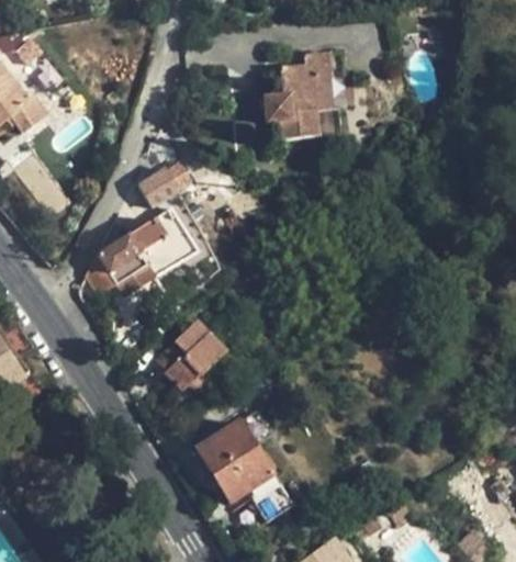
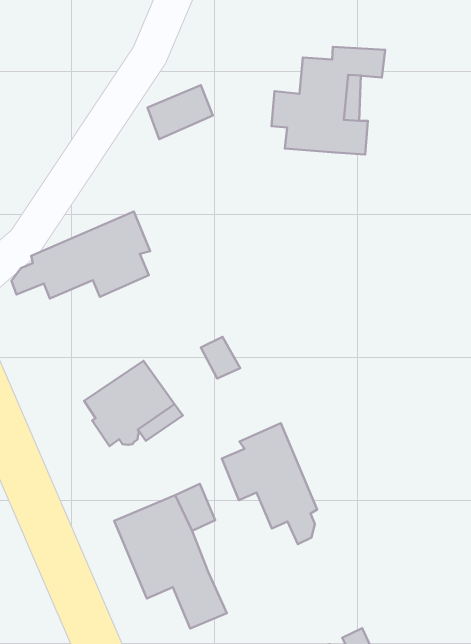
building: [139,160,191,207] -> [147,85,213,139]
building: none -> [222,423,317,544]

